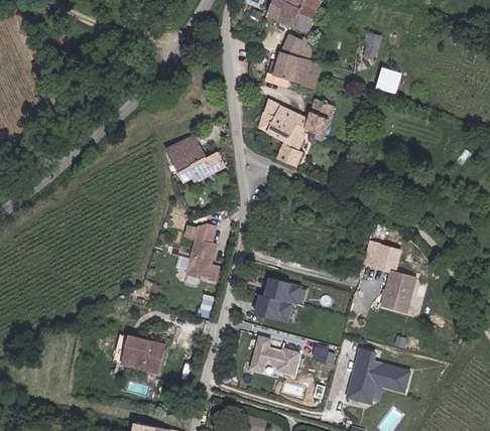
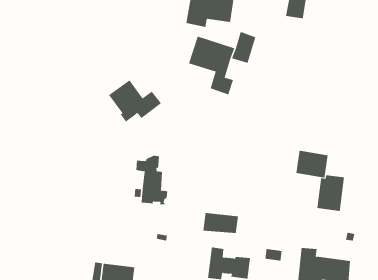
building: [261,277,305,304] -> none

